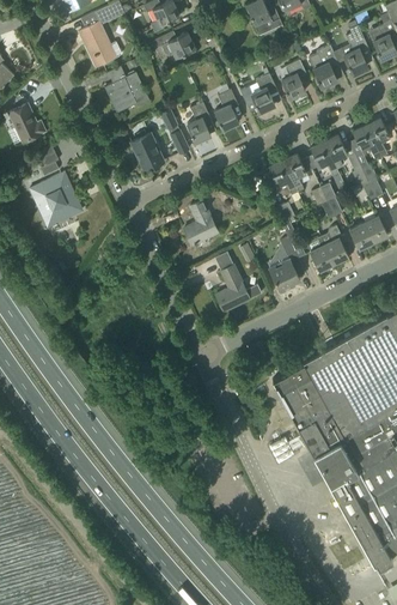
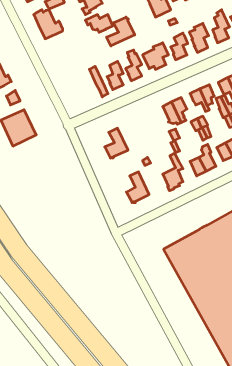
building: none -> [107,17,135,46]
building: [105,67,149,114] -> none
building: [132,134,165,171] -> none

